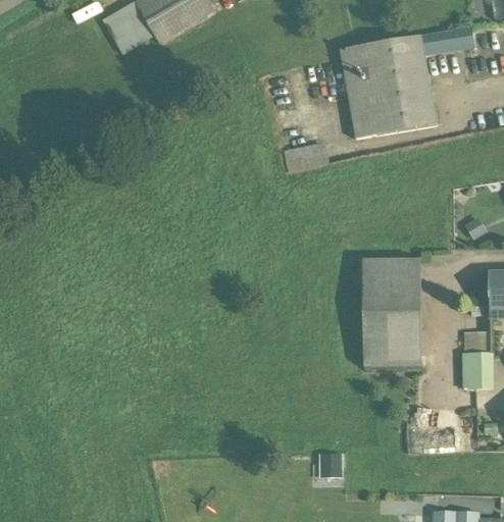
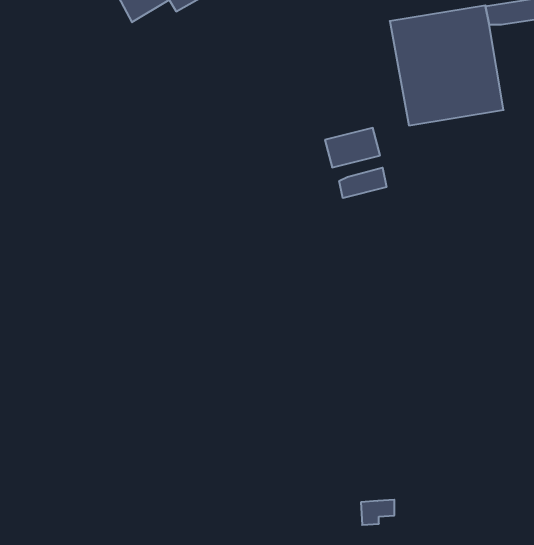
building: none -> [339,168,386,198]
building: [364,254,420,371] -> none

